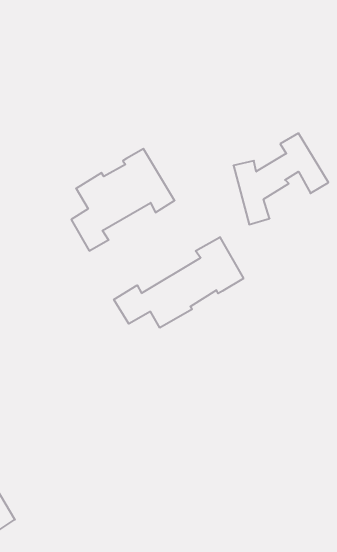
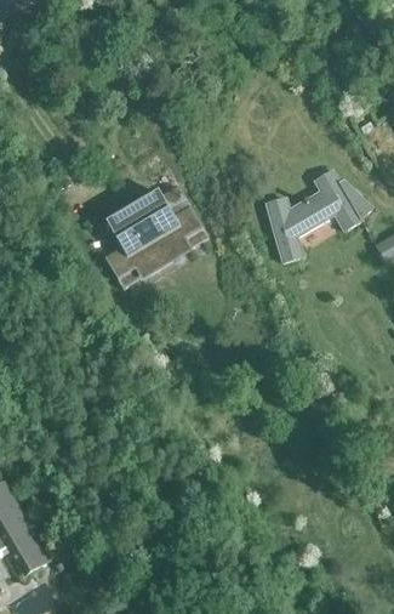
building: [114,237,243,328] -> none

